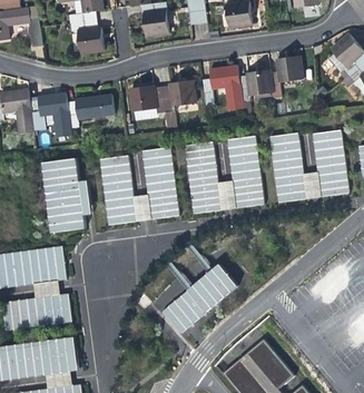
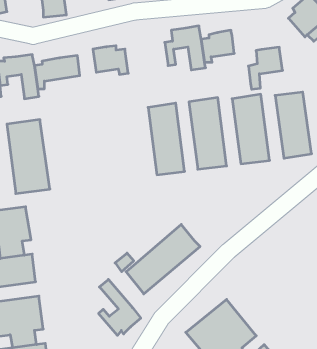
building: [269,55,304,97] -> [248,47,283,89]
building: [161,78,195,111] -> none
building: [142,147,180,219] -> none
building: [99,156,137,225] -> none
building: none -> [99,279,141,335]

